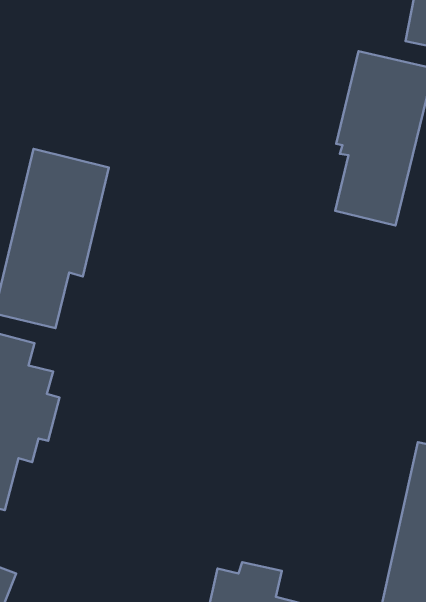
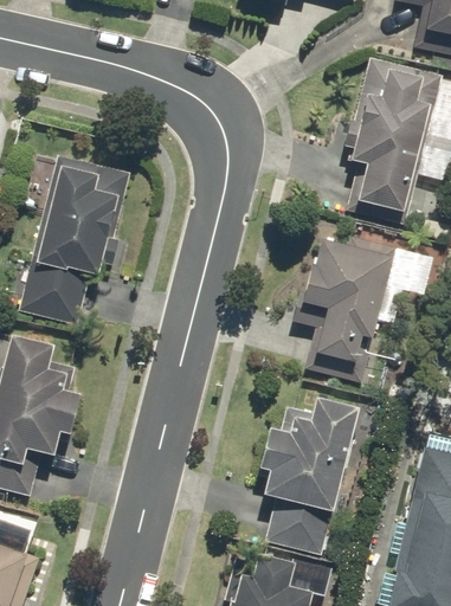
building: none -> [292,233,394,386]
building: none -> [262,395,360,554]

